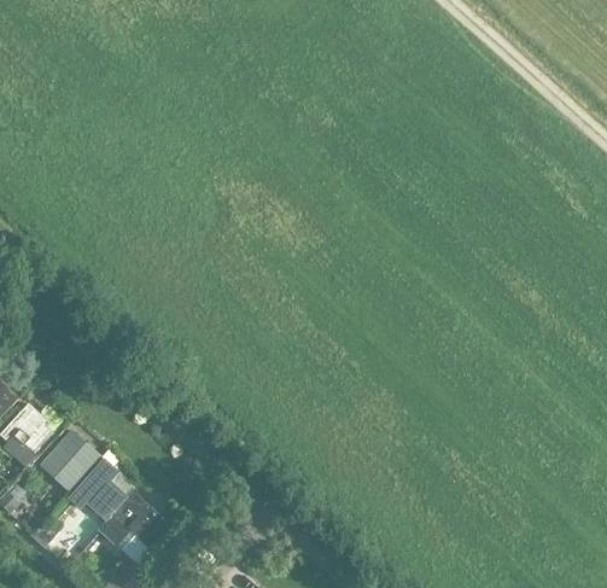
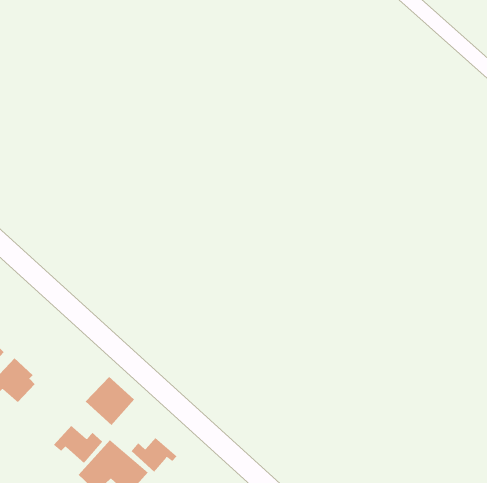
building: [34,437,88,491] -> [85,376,135,426]
building: none -> [131,437,177,472]

